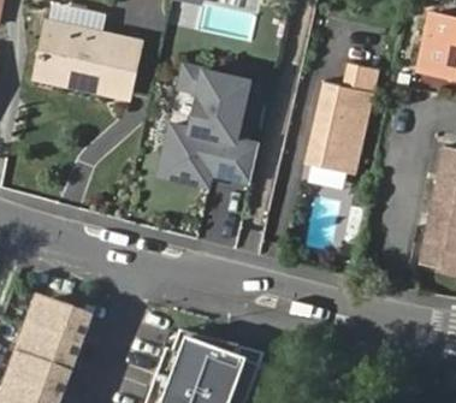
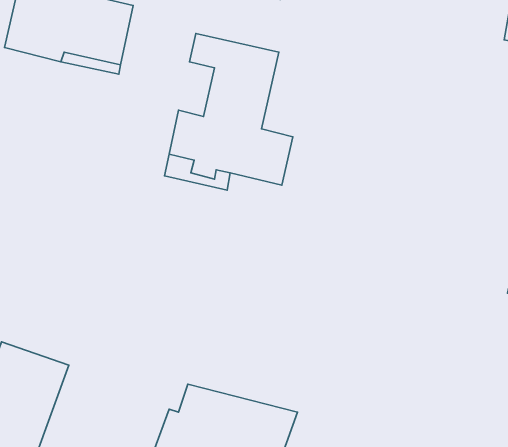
building: [306,81,372,172] -> none

